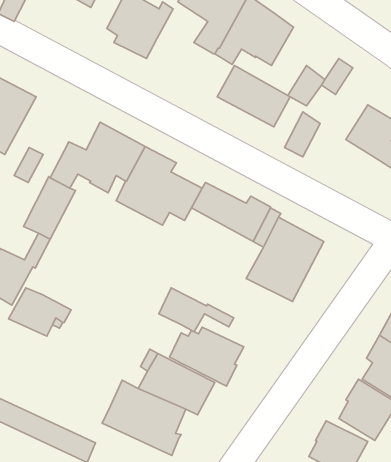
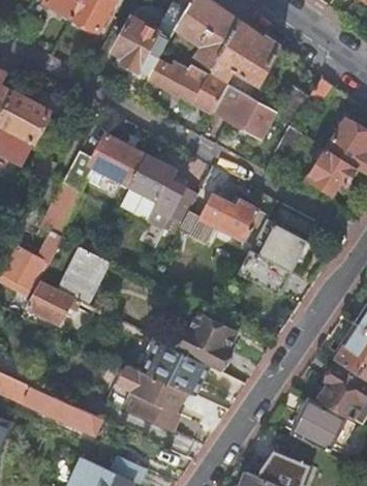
building: none -> [147,59,226,112]
building: none -> [308,149,356,193]
building: none -> [55,245,109,304]
building: [159,288,234,332] -> none

